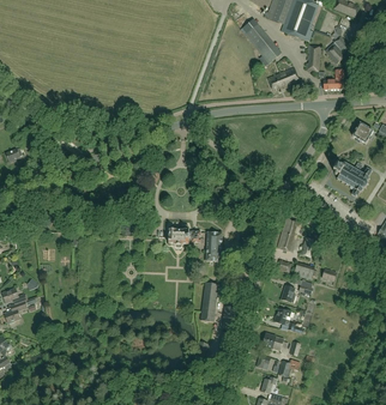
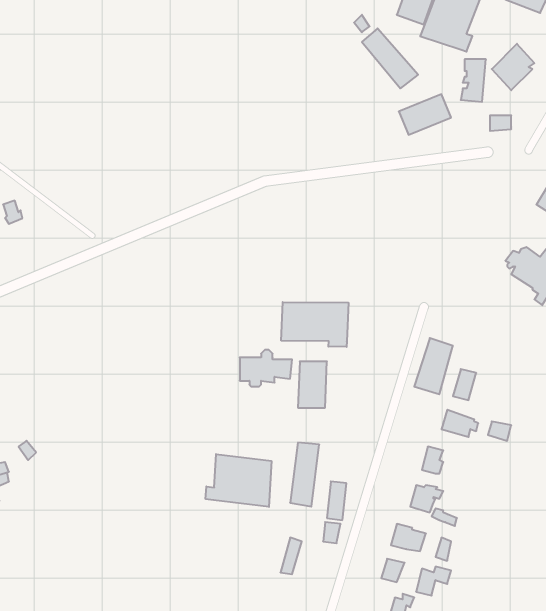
building: none -> [281,302,348,347]
building: none -> [206,454,271,507]

